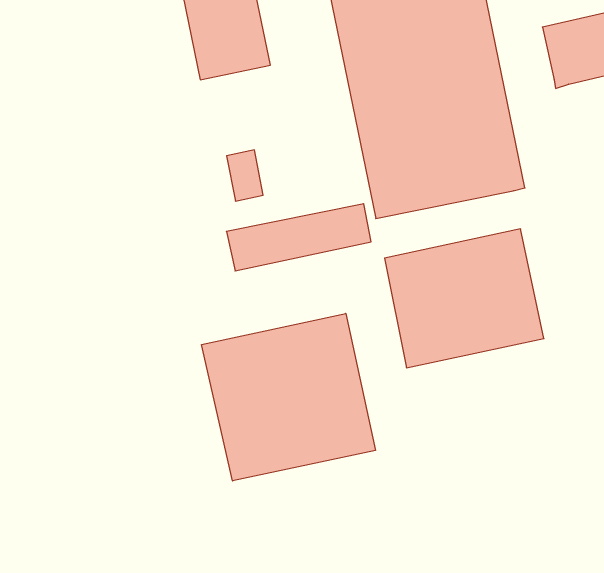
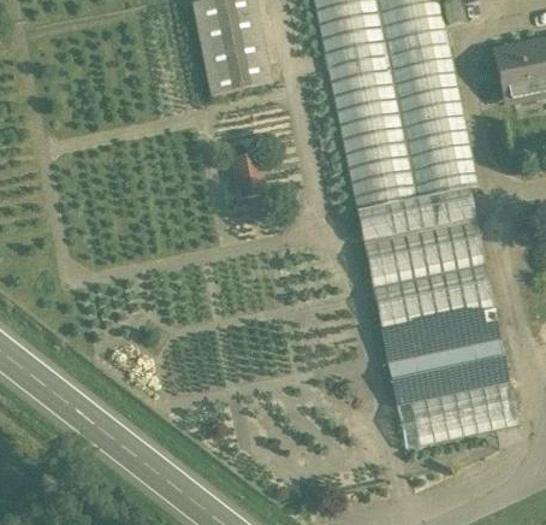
building: [226,204,371,271] -> [356,187,475,242]
building: [202,313,375,481] -> none
building: none -> [381,308,520,444]

